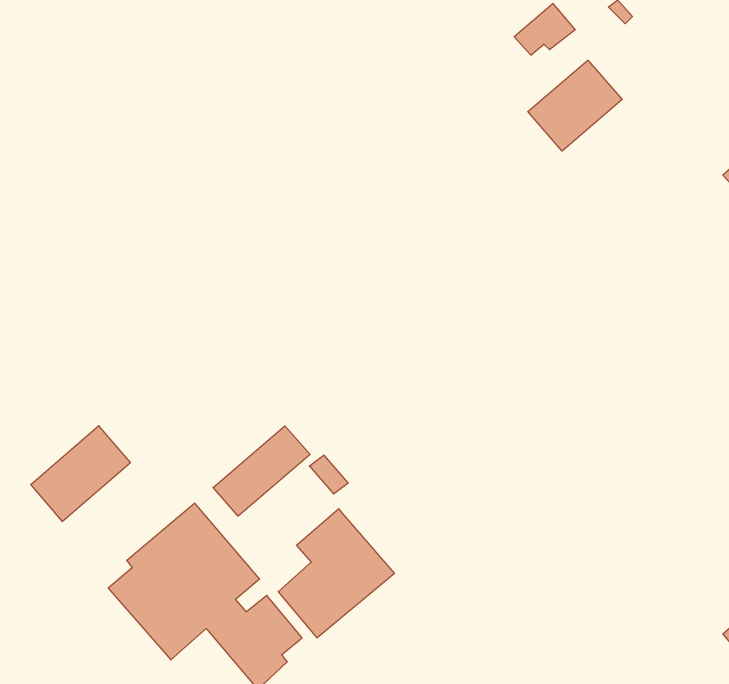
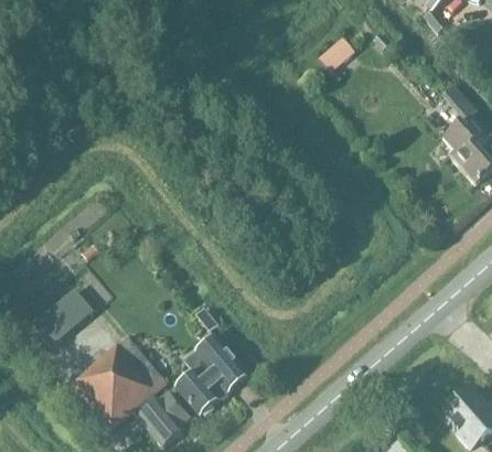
building: [528,60,622,151] -> none
building: [213,426,310,516] -> none

